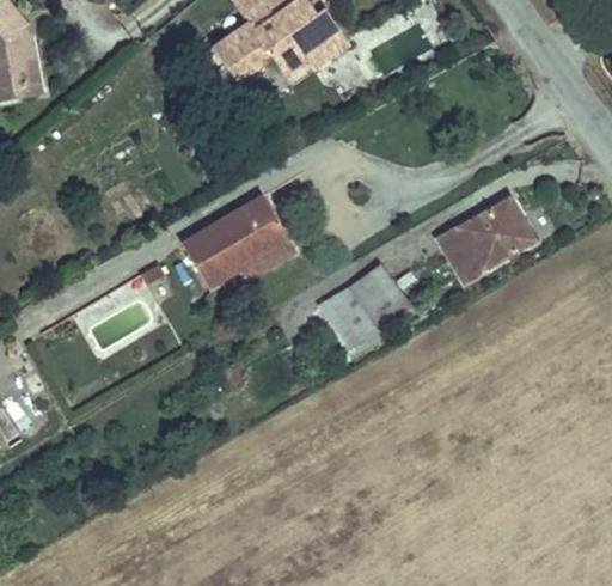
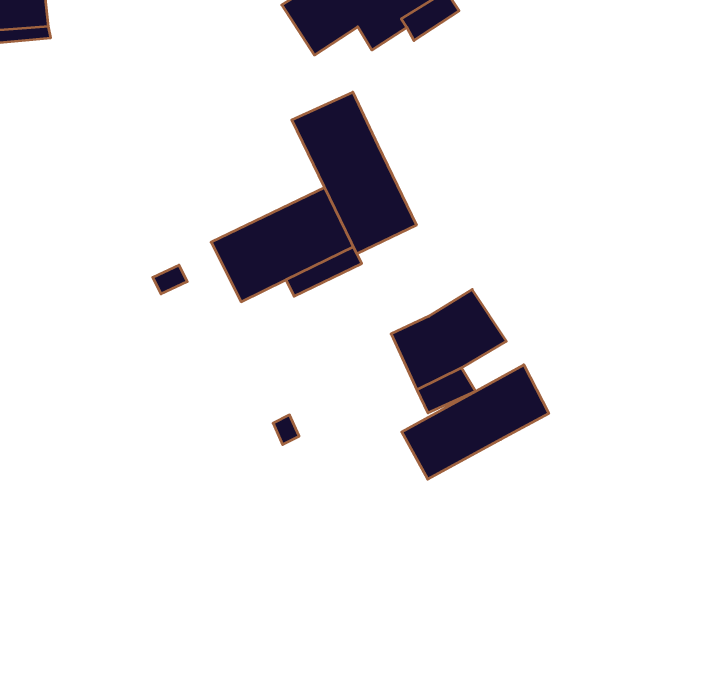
building: none -> [292,92,416,254]
building: [436,193,534,280] -> none
building: none -> [402,365,549,479]

